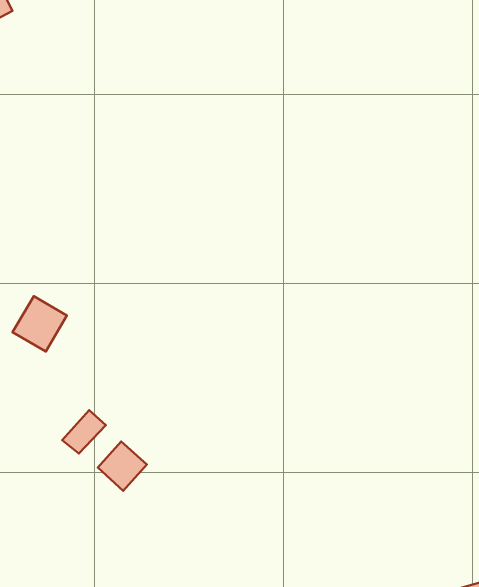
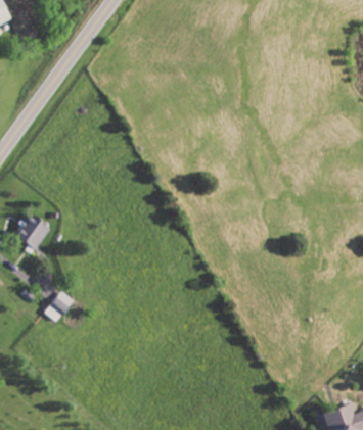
building: [98,441,147,491] -> none

